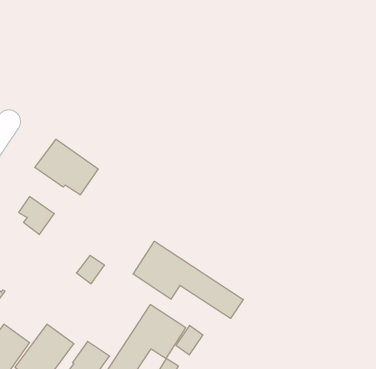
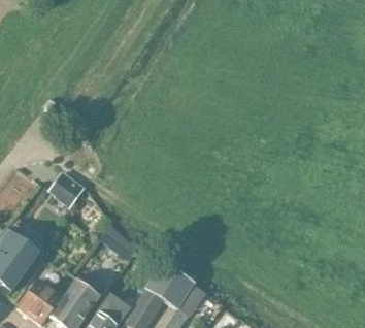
building: [35,139,98,195] -> none
building: [133,241,243,318] -> none

